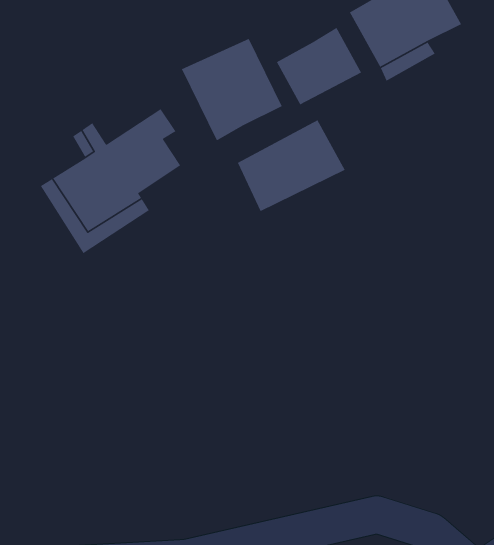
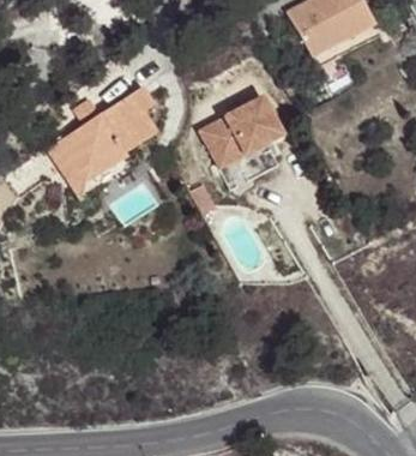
building: [276,27,362,106] -> none
building: [181,38,283,141] -> none

